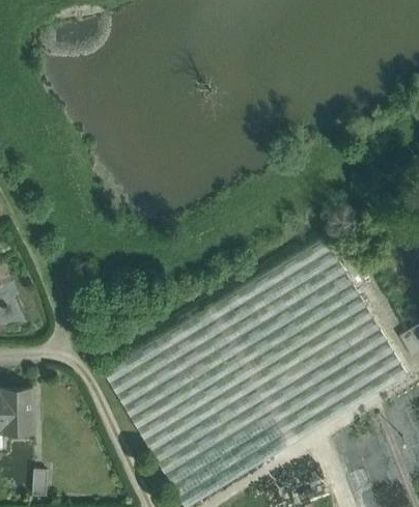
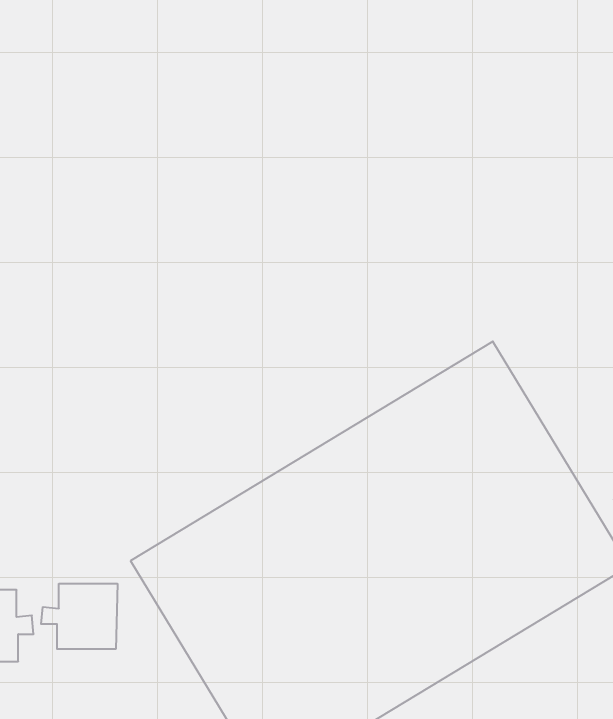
building: none -> [41,584,117,649]

